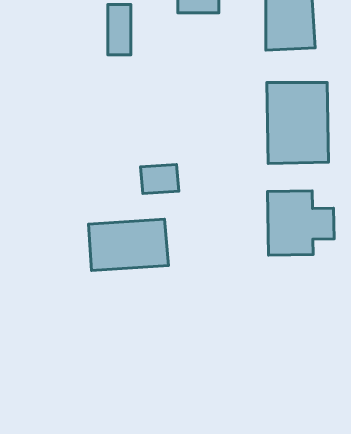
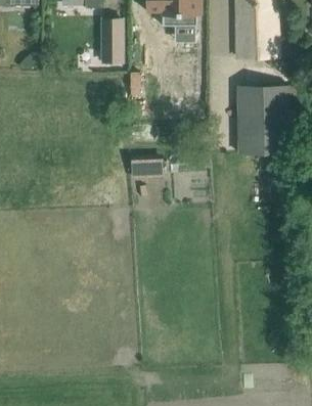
building: [267,191,334,255] -> none
building: [89,219,168,271] -> none

